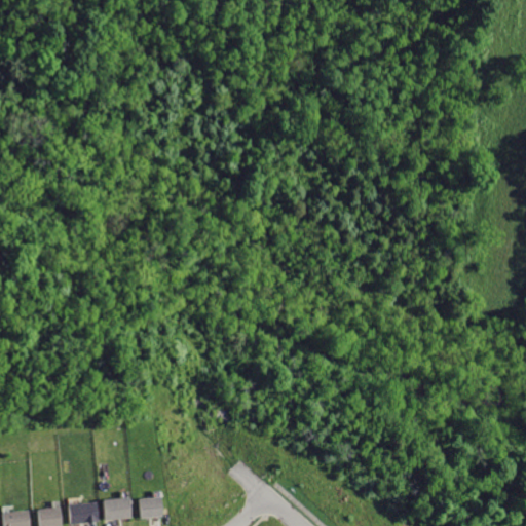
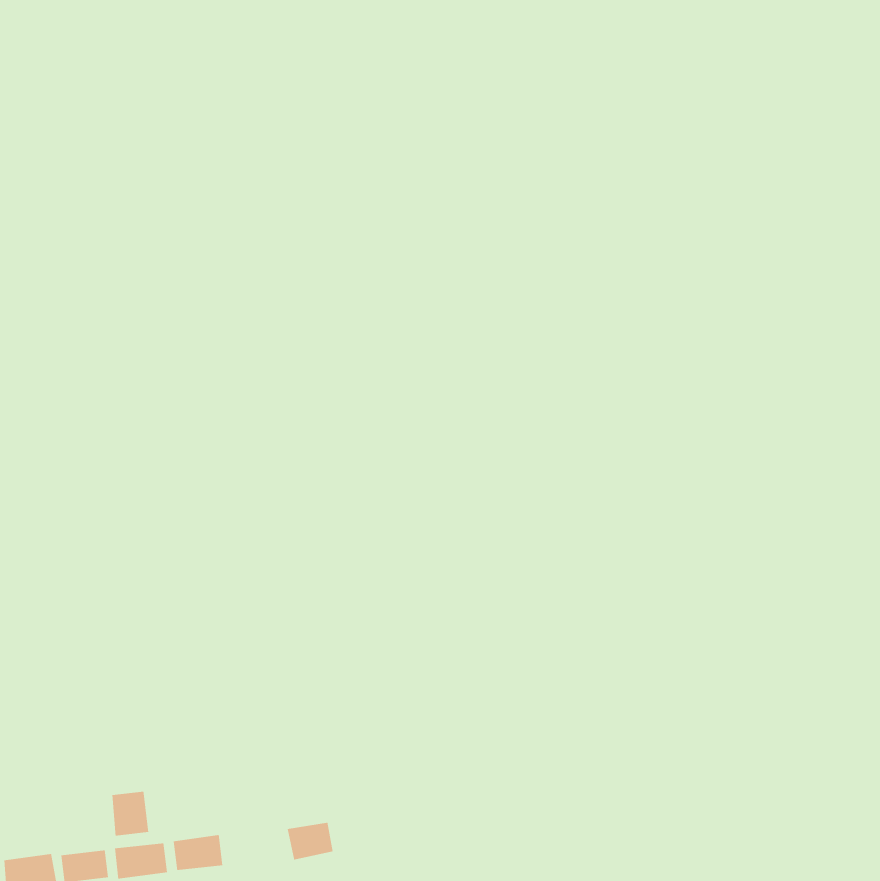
building: none -> [112,791,149,836]
building: [138,495,165,518] -> [287,822,333,860]

